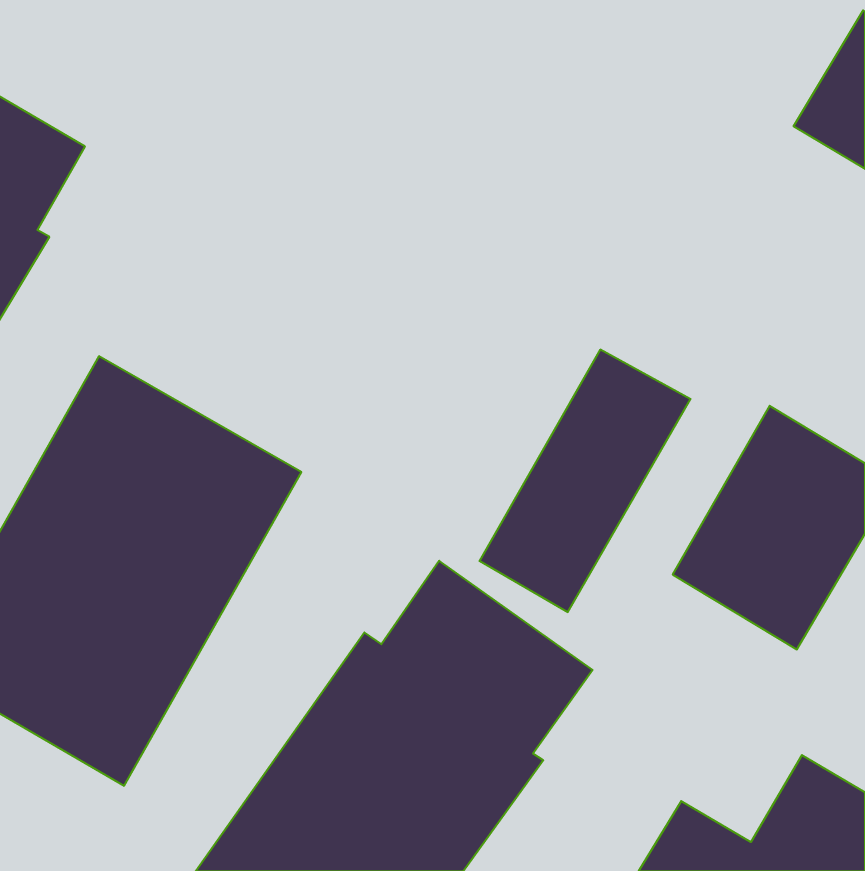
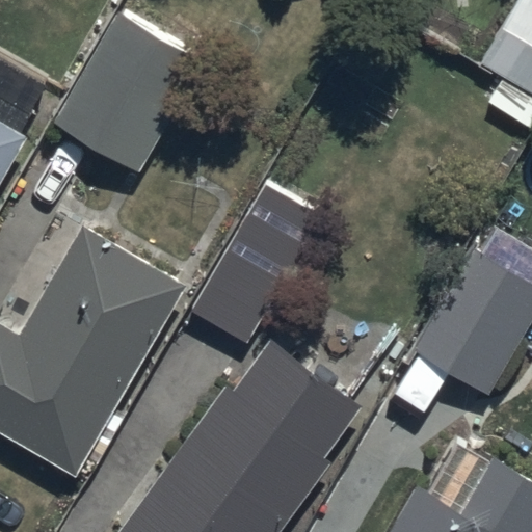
building: none -> [54,12,205,175]
building: [479,350,691,612] -> [190,184,319,344]

